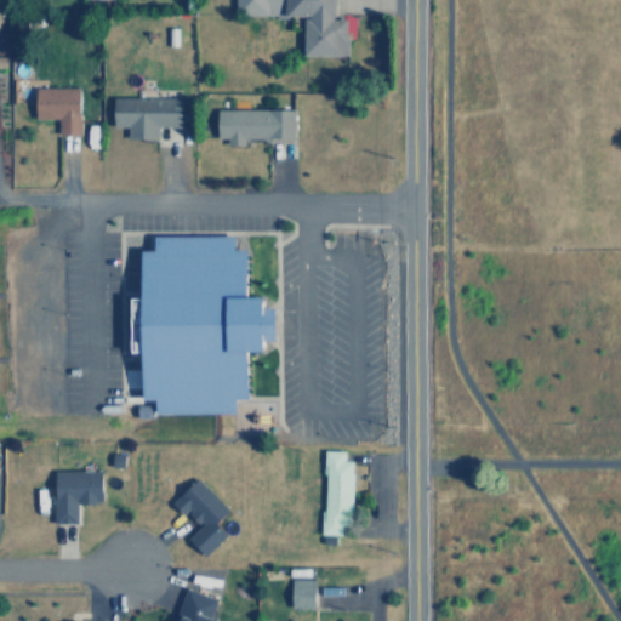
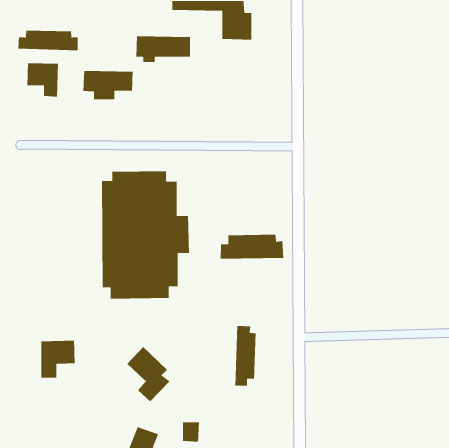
building: none -> [17,30,78,51]
building: [218,109,295,147] -> [135,36,191,63]
building: none -> [220,234,284,259]
building: [292,580,317,609] -> [182,421,200,442]

